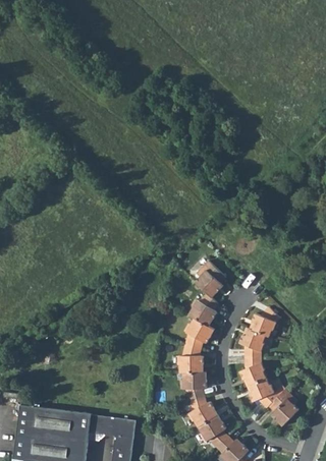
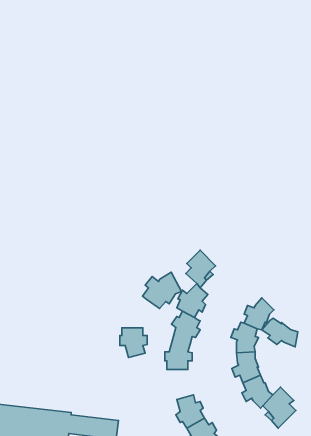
building: none -> [143,272,182,309]
building: none -> [262,318,298,347]
building: [180,372,206,400] -> [120,328,147,358]

